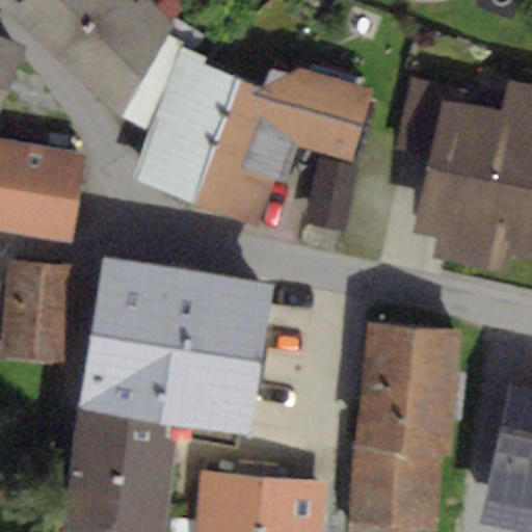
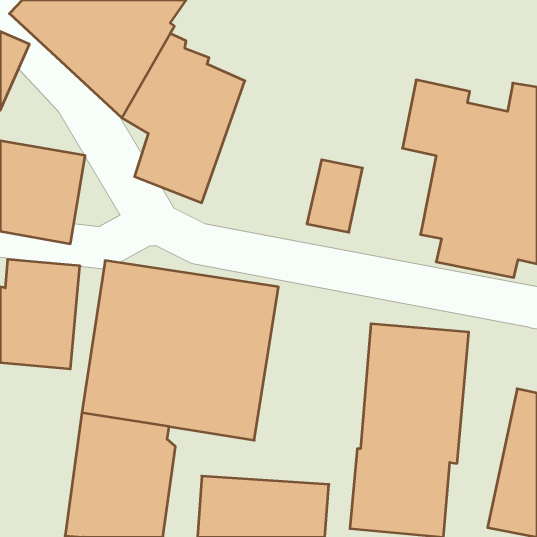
building: [200,68,369,218] -> none

